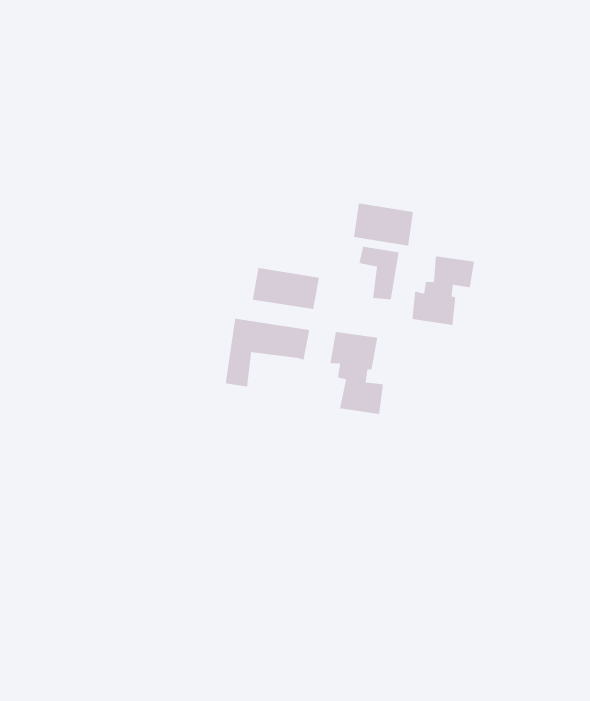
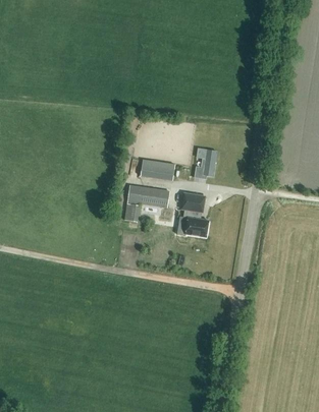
building: [353,203,414,247] -> none
building: [411,256,475,326] -> none

